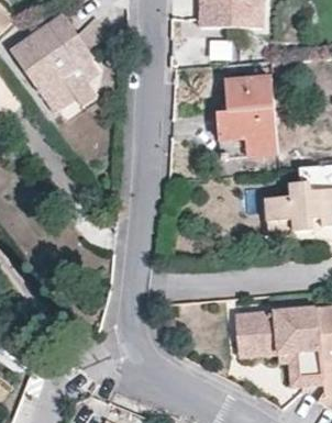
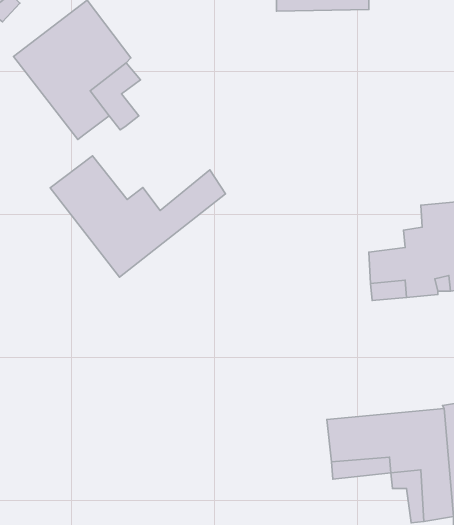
building: [214,75,276,155] -> none
building: none -> [50,156,226,277]

